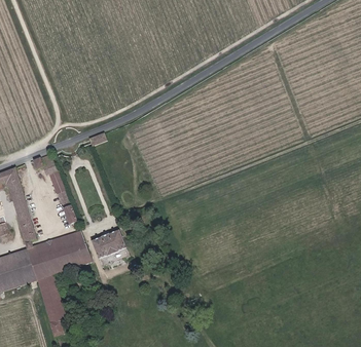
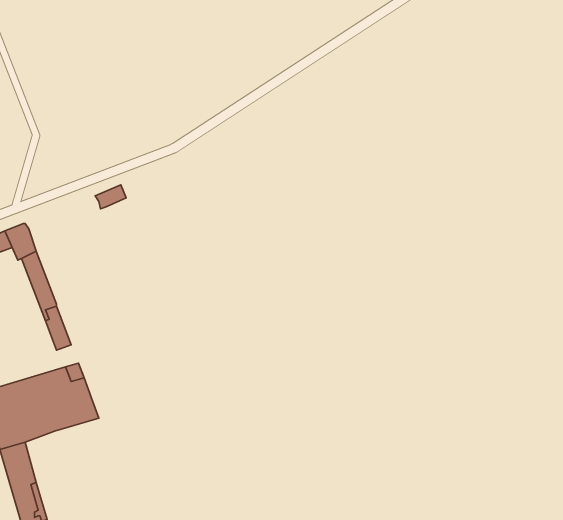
building: [92,231,128,261] -> none

